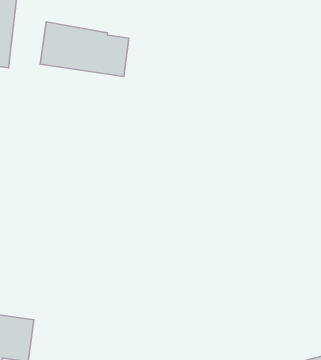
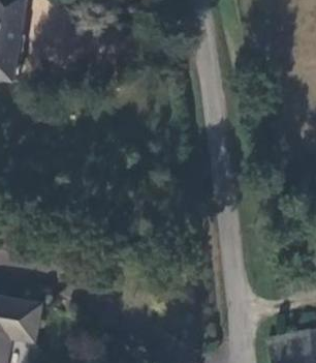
building: [40,22,129,77] -> none

